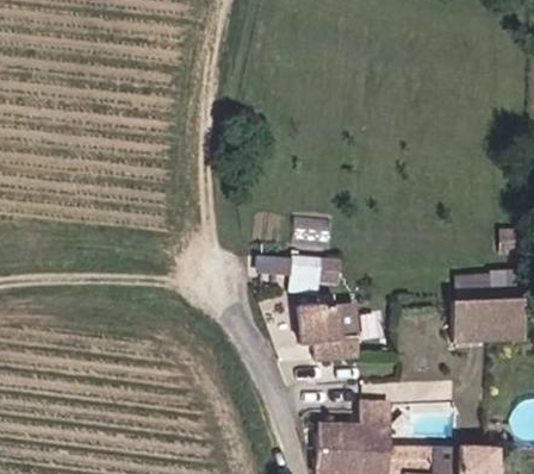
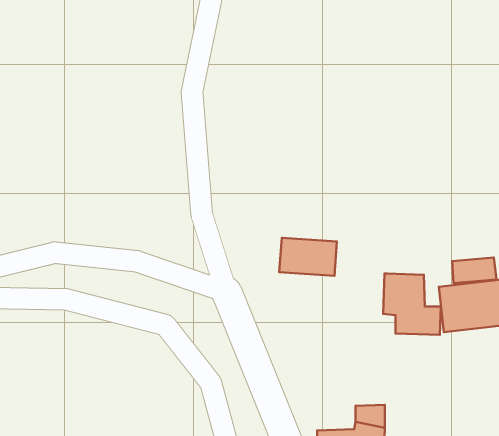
building: [302,305,358,364] -> [383,274,441,335]

